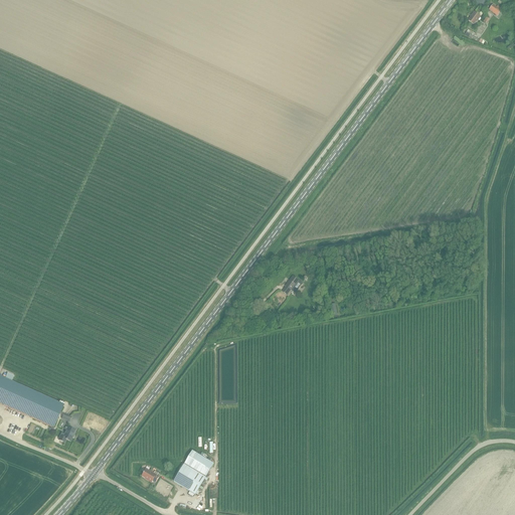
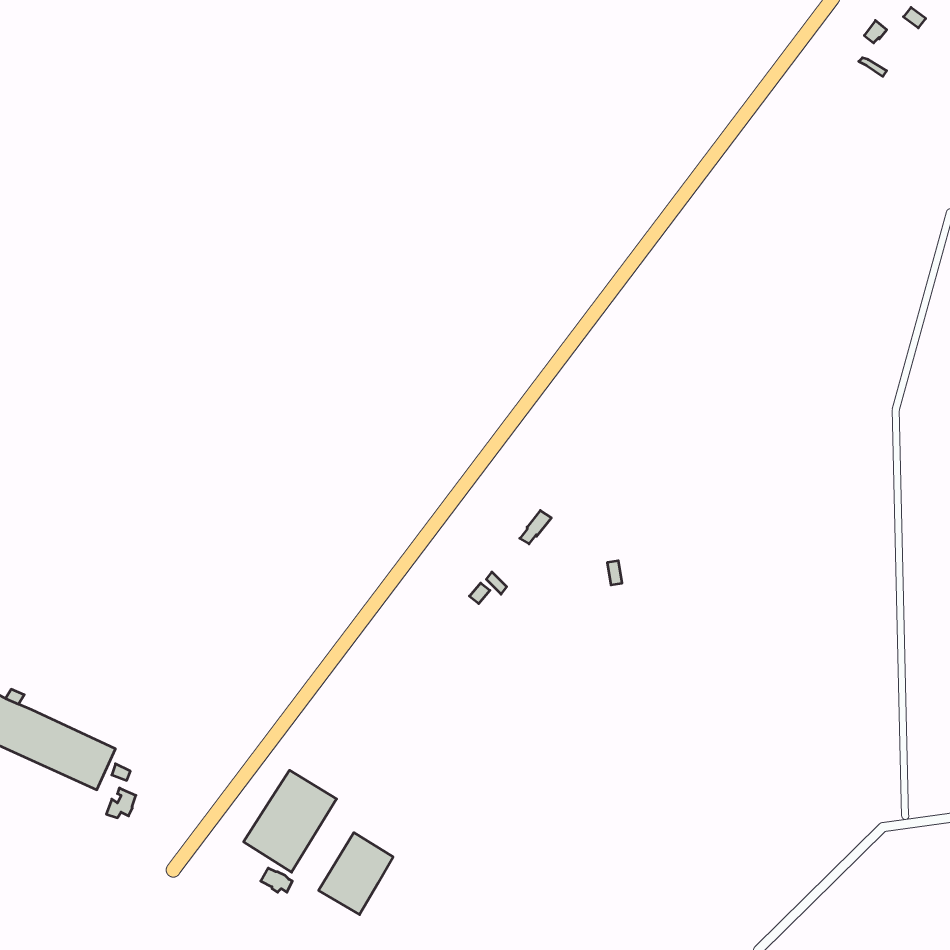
building: none -> [244,770,337,872]

